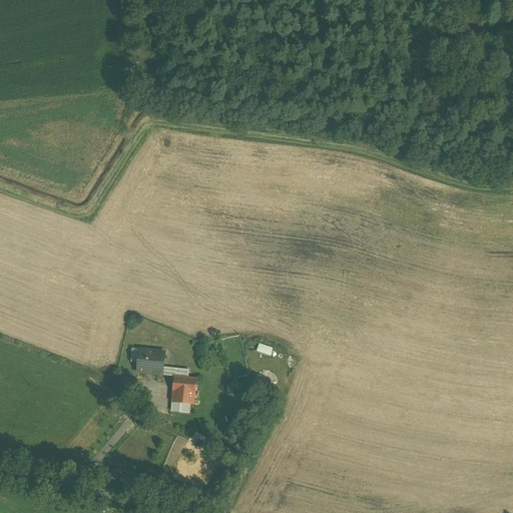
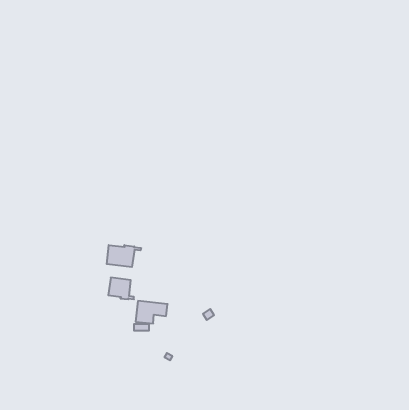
building: none -> [107,245,141,267]

